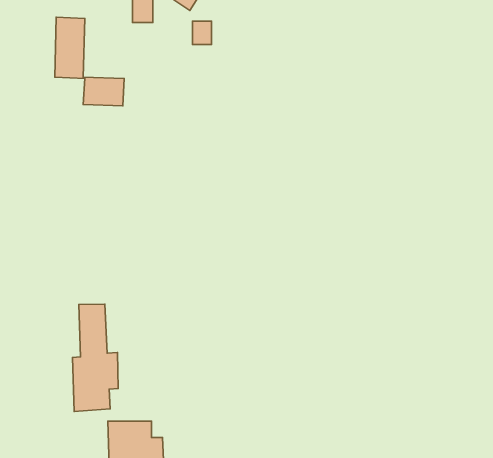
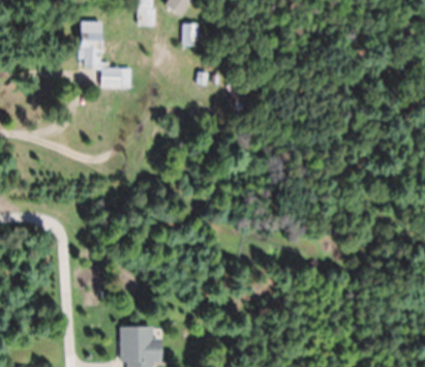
building: [72,304,118,412] -> none

